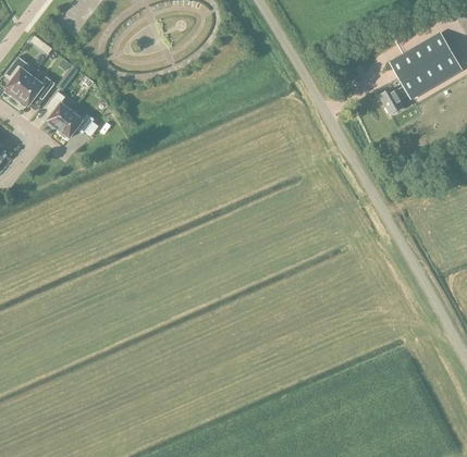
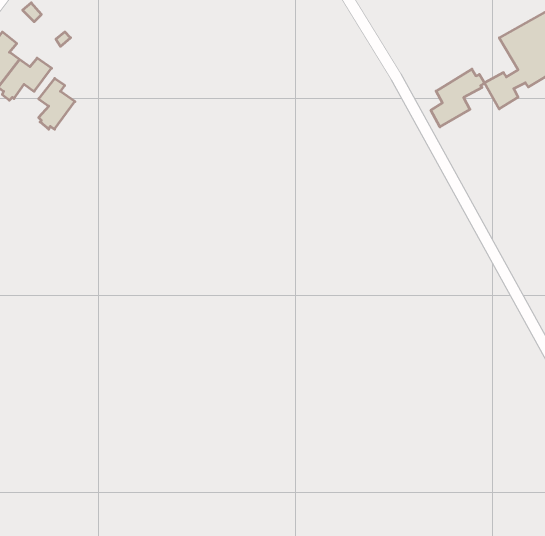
building: none -> [431,69,485,127]
building: [60,108,96,137] -> none

